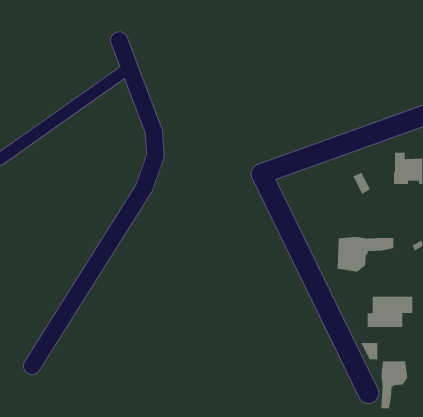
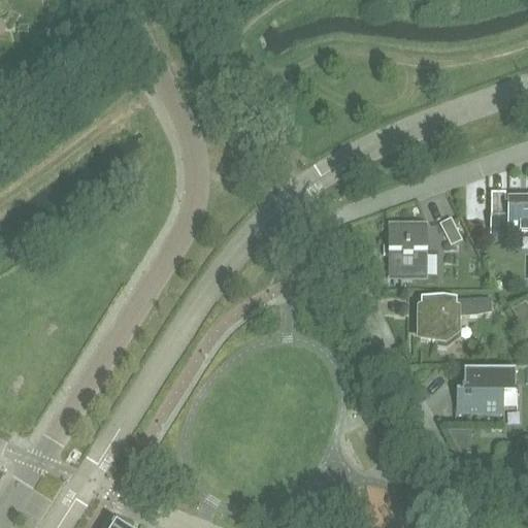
building: none -> [388,225,427,273]
building: [381,360,408,409] -> none

